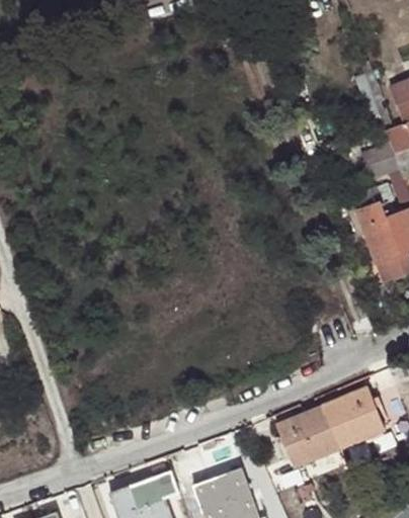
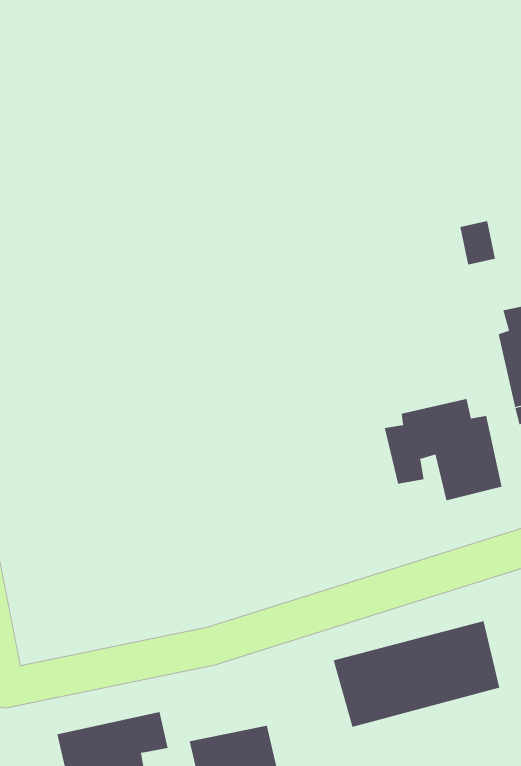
building: none -> [384,398,502,501]

